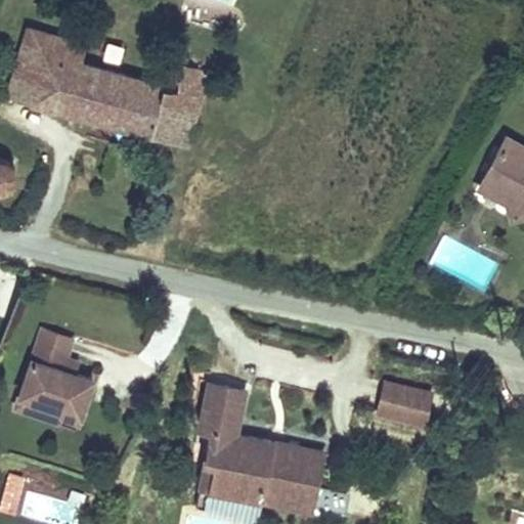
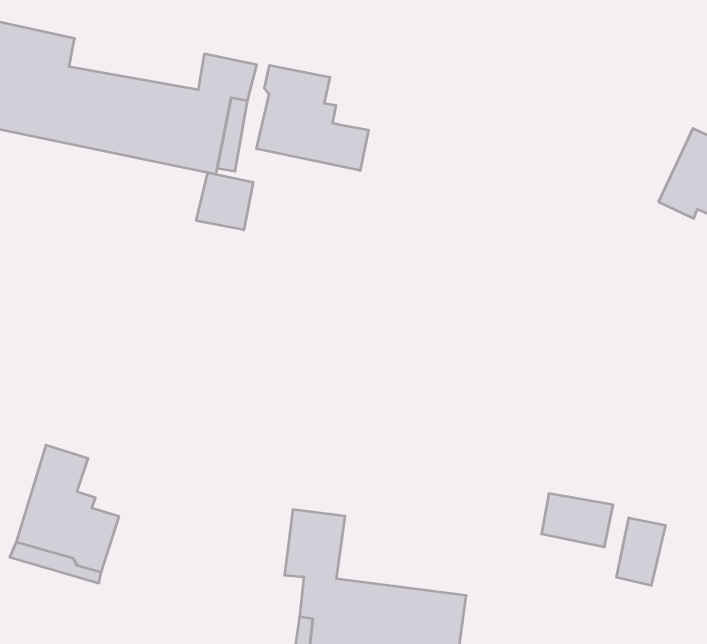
building: none -> [257,65,368,171]
building: none -> [196,172,253,230]
building: none -> [617,518,665,586]

